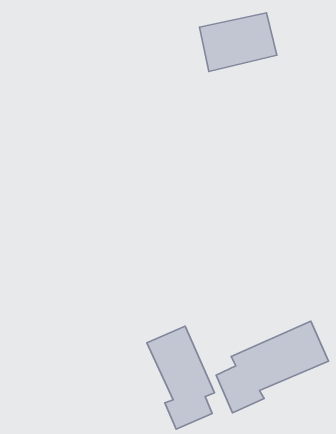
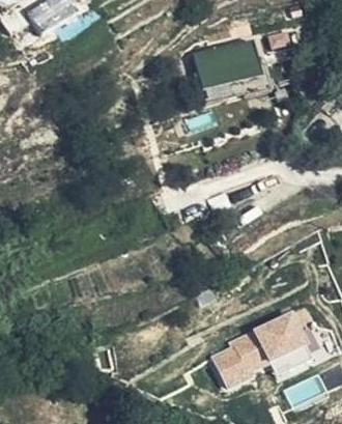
building: [147,326,214,429] -> none

